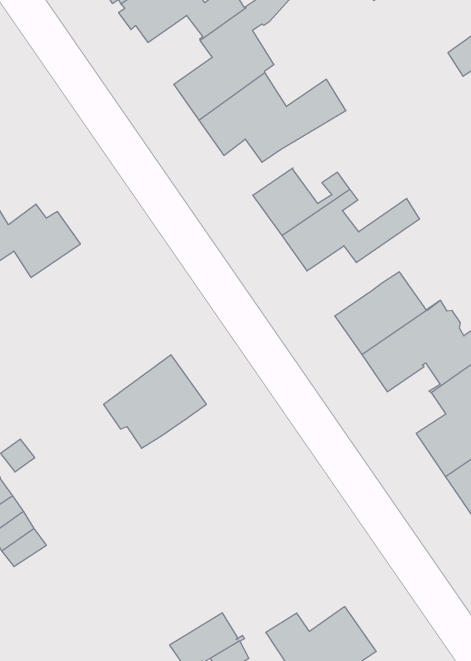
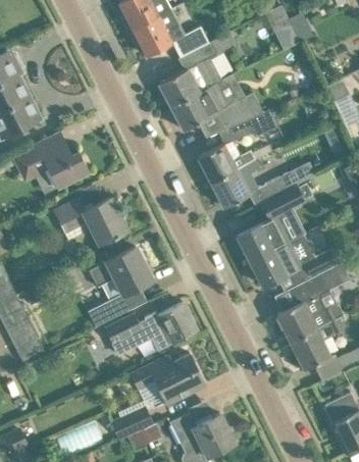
building: none -> [218,108,279,145]
building: none -> [269,185,306,211]
building: none -> [54,198,126,244]
building: none -> [106,303,198,356]
building: none -> [90,297,127,327]
building: none -> [131,354,206,407]

